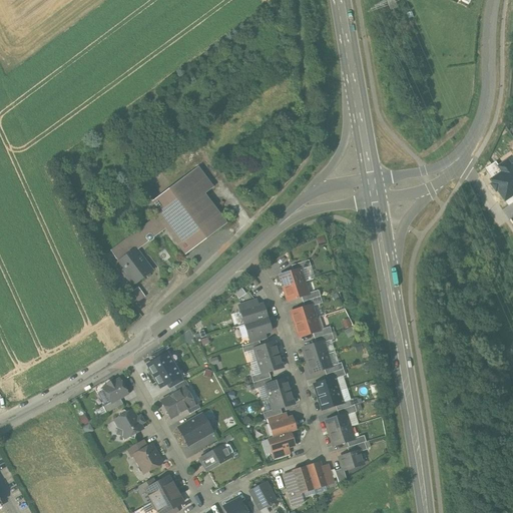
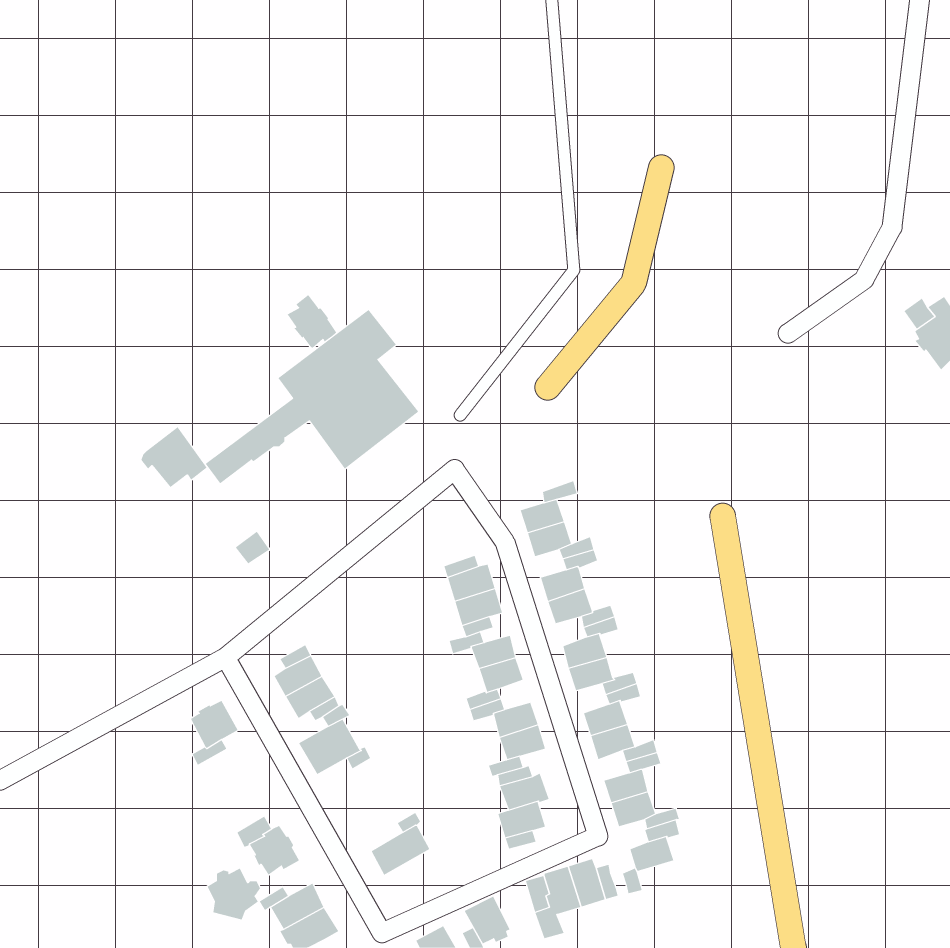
building: none -> [287,294,337,349]
building: [116,247,152,281] -> [141,427,208,488]
building: [115,409,144,437] -> [207,868,261,920]
building: [179,413,213,444] -> none

